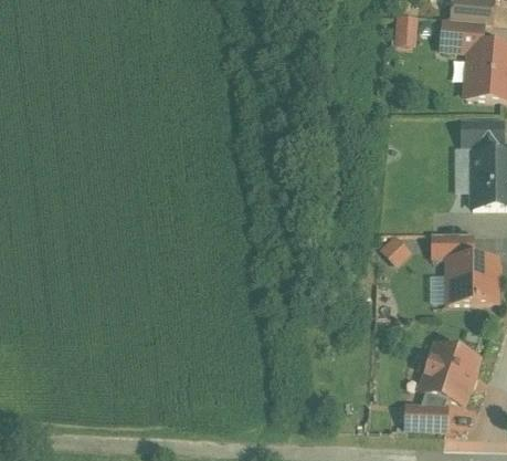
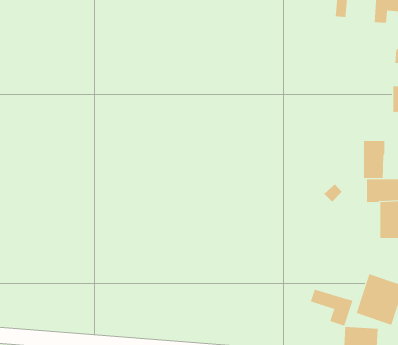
building: none -> [363,140,385,179]
building: none -> [310,289,353,326]

